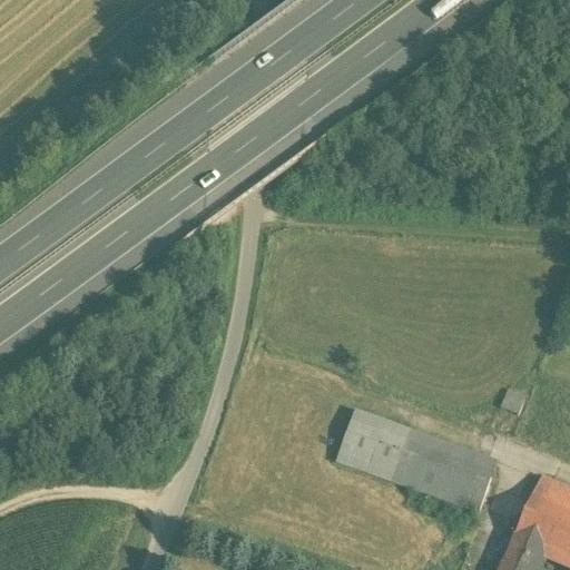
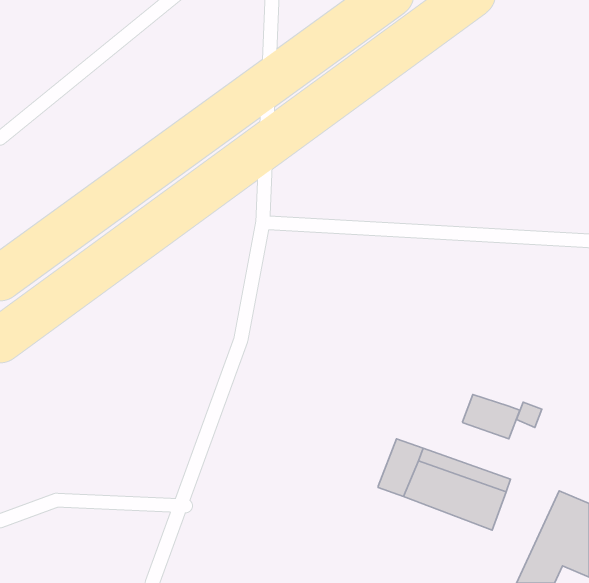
building: none -> [462,394,520,439]
building: [338,414,383,470] -> none

